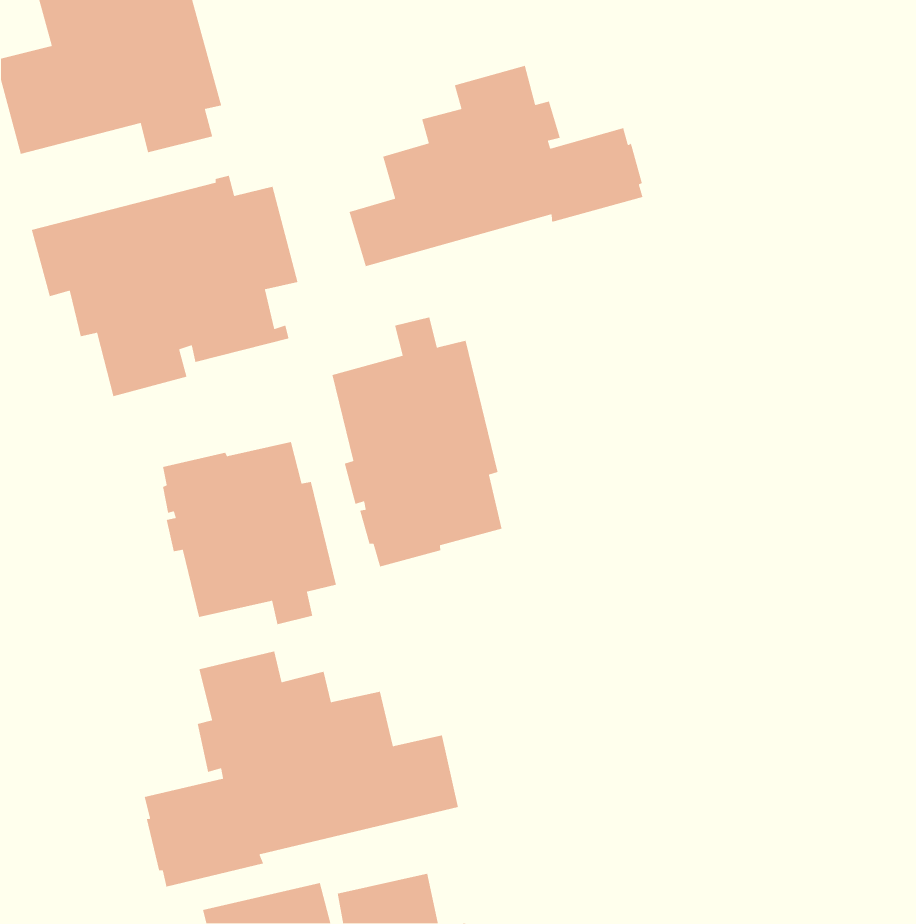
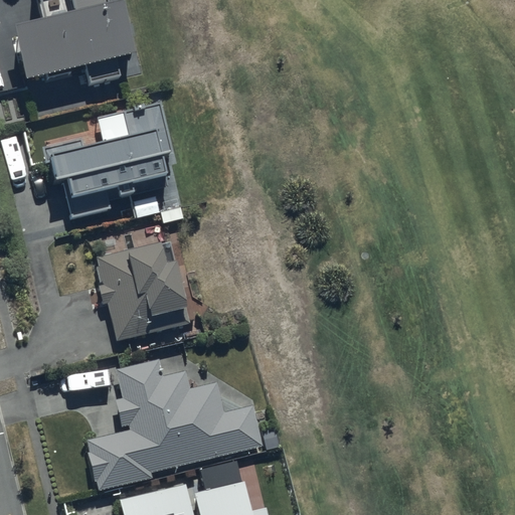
building: [348,65,644,267] -> none
building: [331,317,503,567] -> none

